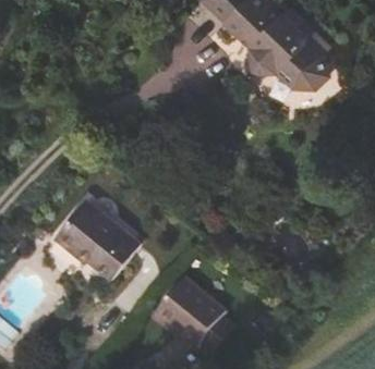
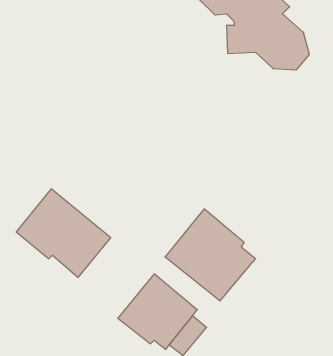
building: none -> [165,209,256,301]

